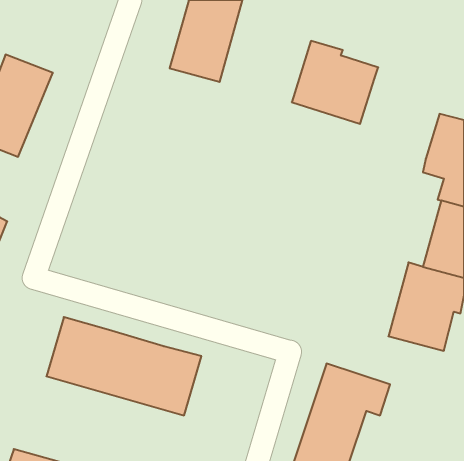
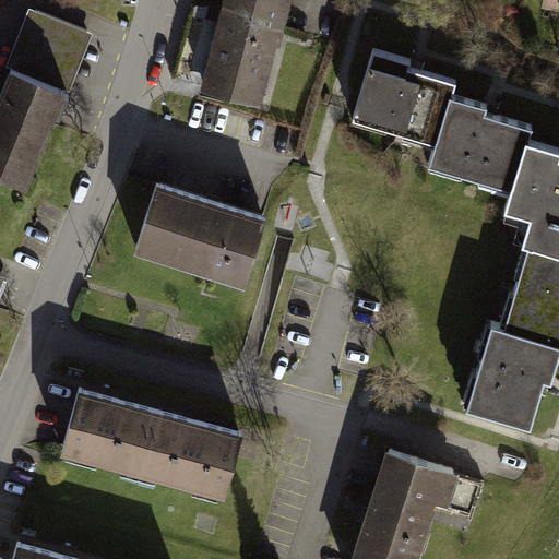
building: none -> [4,12,91,95]
building: none -> [427,99,530,195]
building: none -> [136,182,271,287]

